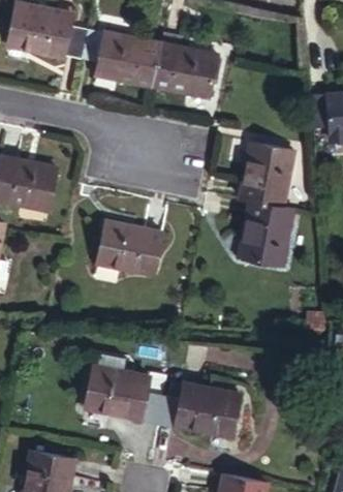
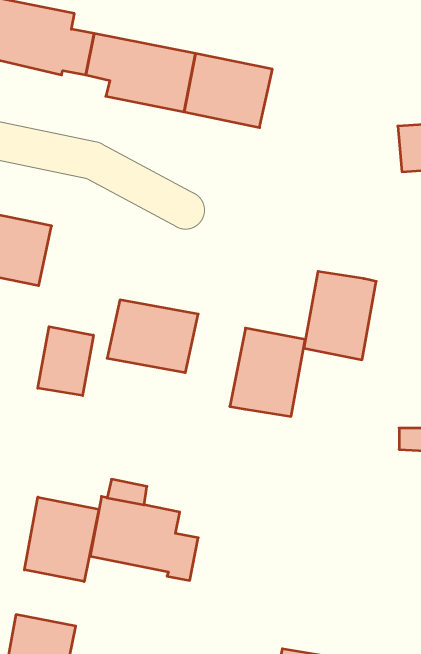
building: [239,143,293,207] -> [230,328,305,416]
building: none -> [38,327,93,396]
building: none -> [24,497,99,582]
building: [157,383,240,436] -> none

